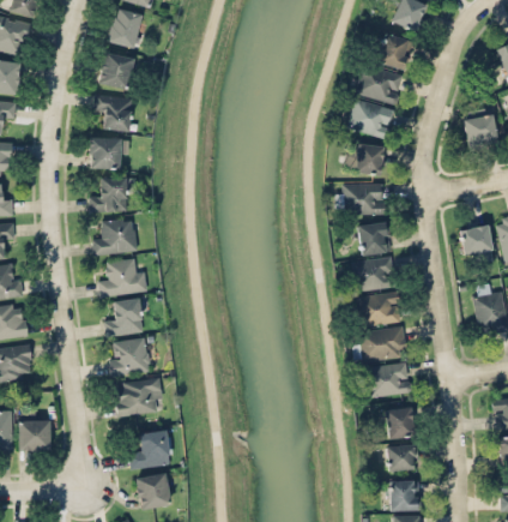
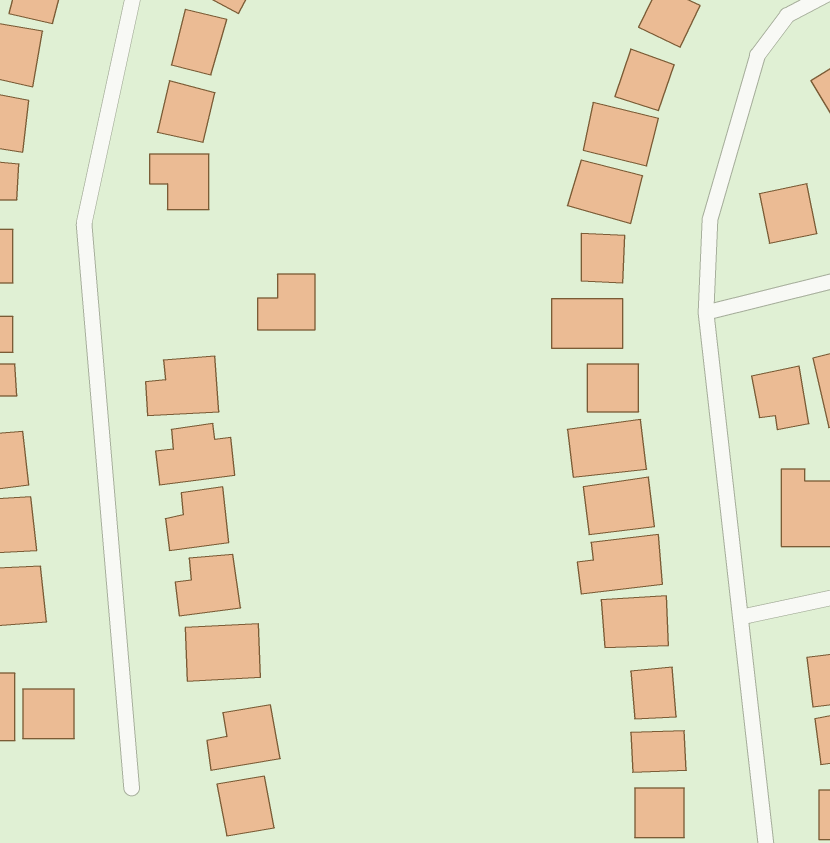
building: [90,138,127,169] -> none
building: [90,178,125,211] -> [258,274,315,330]

